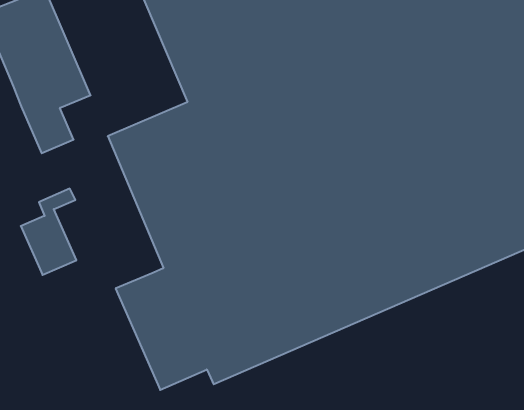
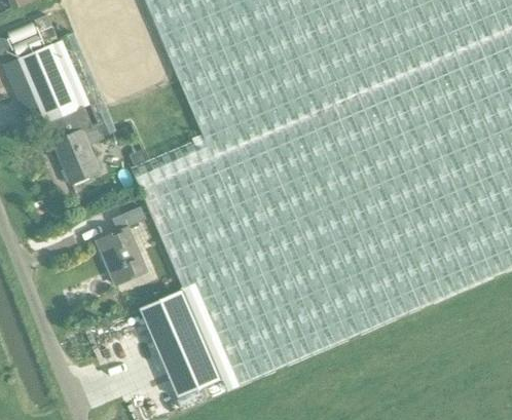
building: [21,189,76,275] -> [98,206,148,284]

